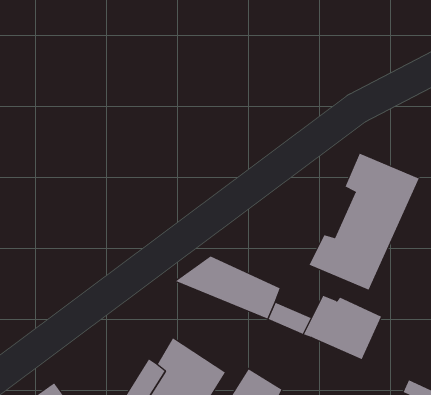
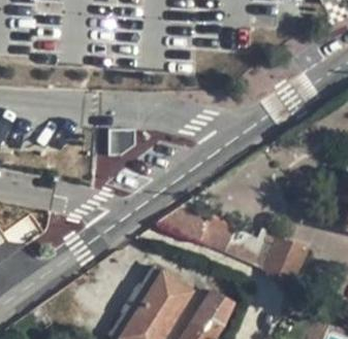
building: [309,153,420,291] -> none

